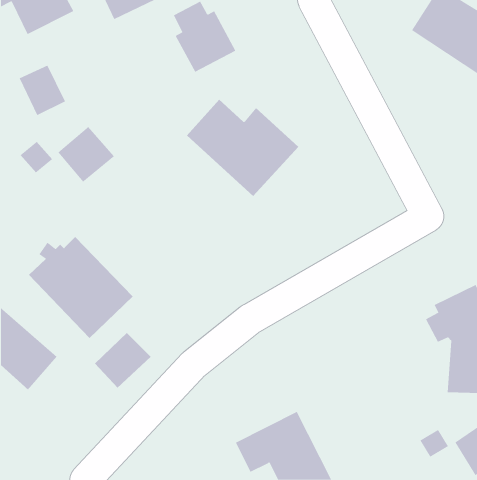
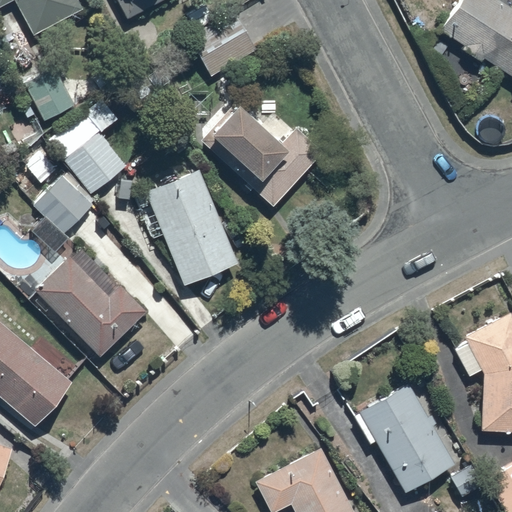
building: none -> [146,174,238,289]
building: none -> [35,177,94,236]
building: [94,332,151,388] -> none
building: none -> [352,372,453,482]

